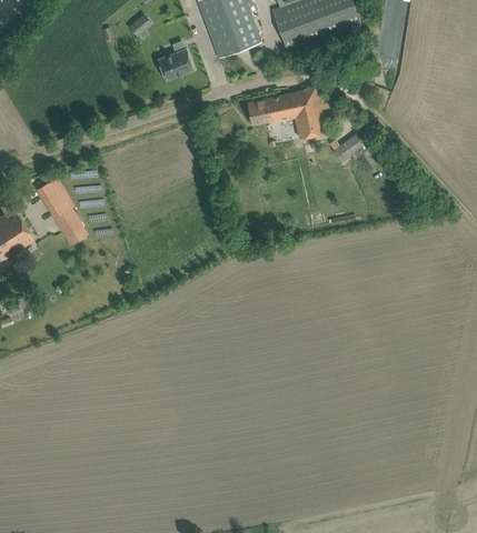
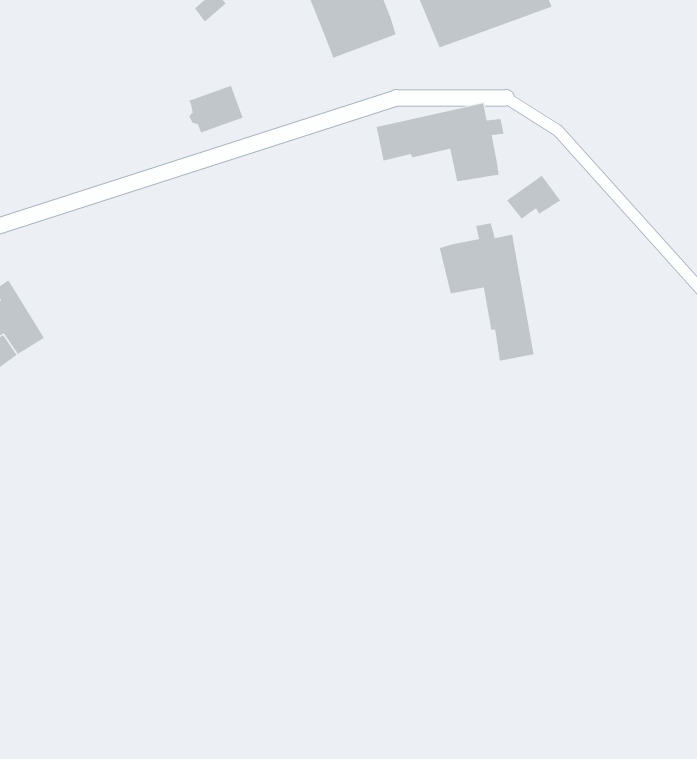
building: [158,47,193,78] -> [188,85,243,133]
building: none -> [439,223,534,362]
building: [37,177,82,235] -> none

